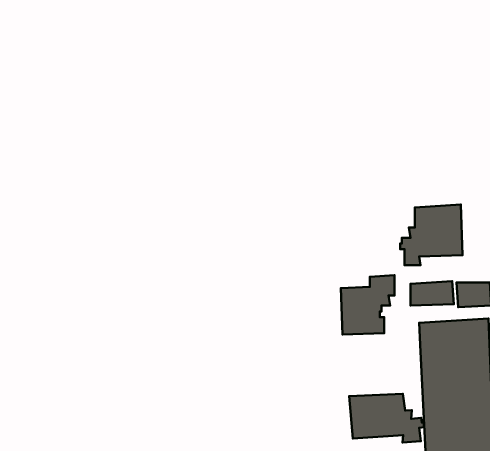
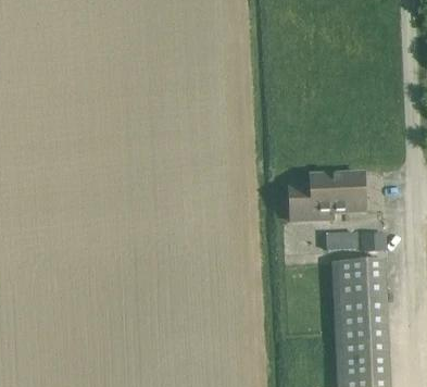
building: [341,275,394,334] -> [290,175,330,220]
building: [349,394,424,443] -> none

